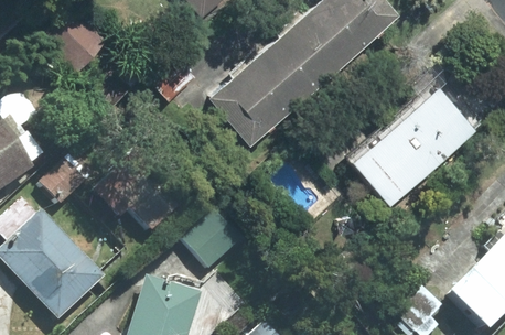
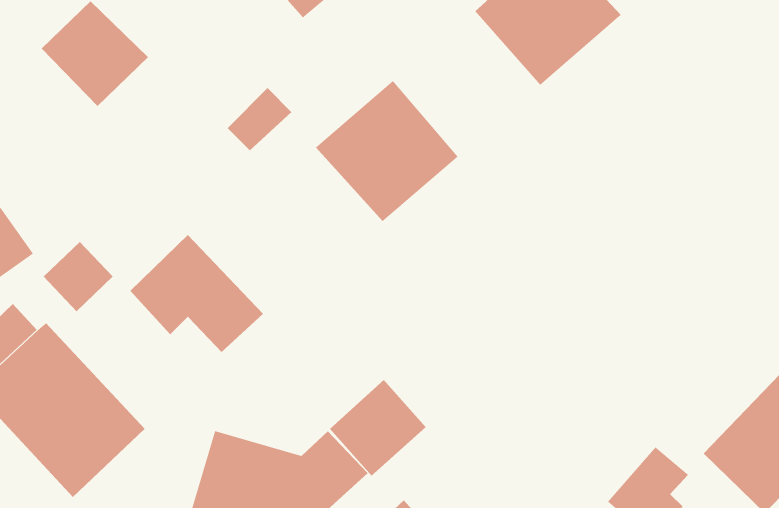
building: [258,14,350,105] -> none
building: [348,68,476,206] -> none
building: [182,207,243,268] -> [329,379,426,477]

